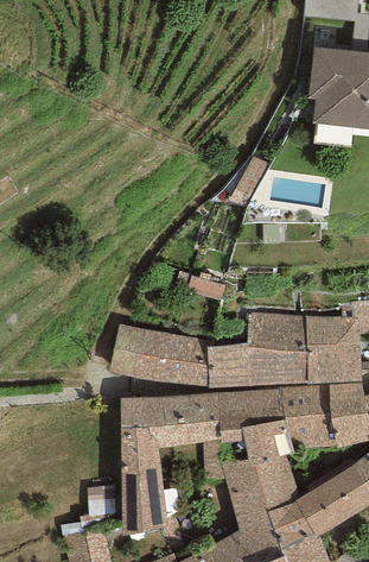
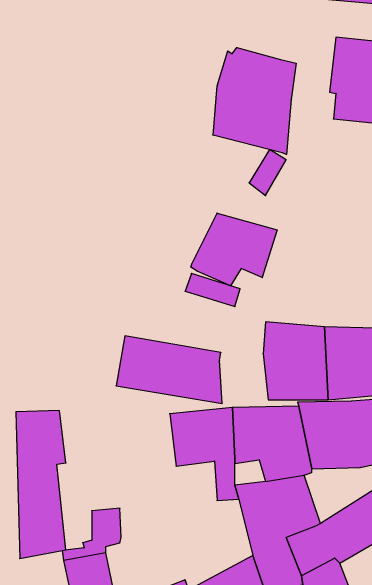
building: none -> [213,48,296,154]
building: none -> [191,213,277,286]
building: [206,341,252,387] -> none
building: [120,397,166,535] -> [16,411,66,559]

